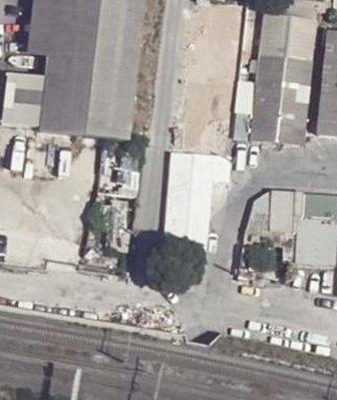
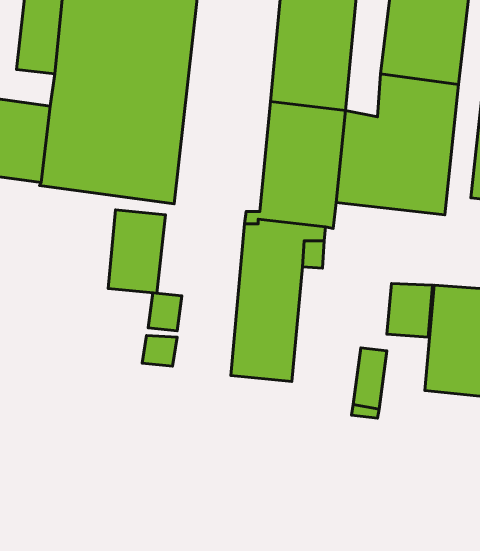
building: none -> [108,210,166,293]

